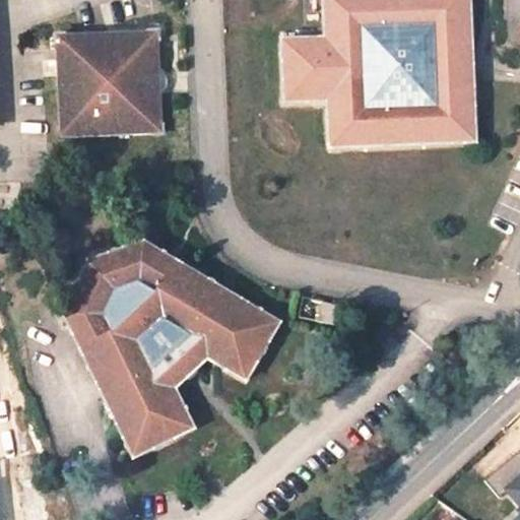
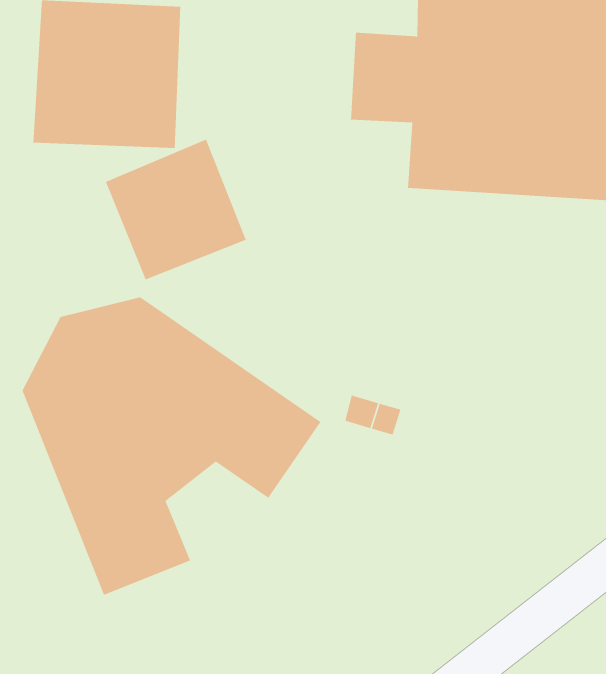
building: none -> [105,139,247,281]

